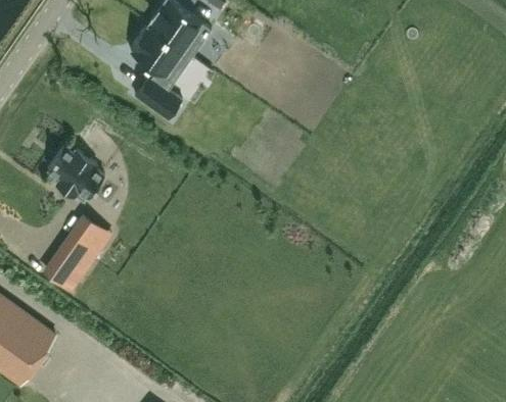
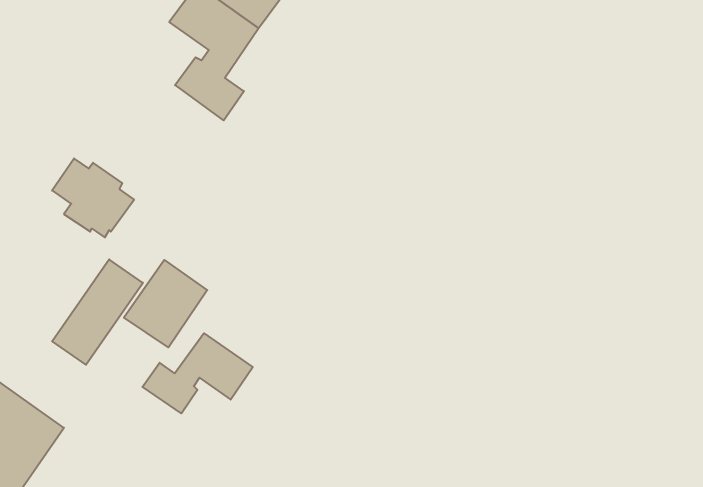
building: none -> [124,260,207,347]
building: none -> [142,333,253,413]

